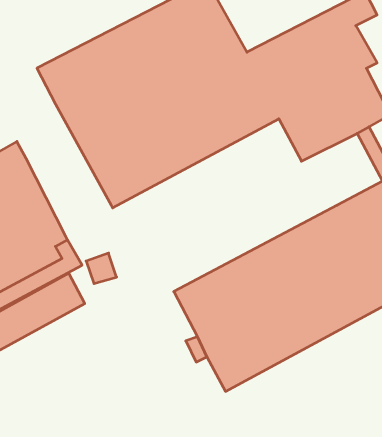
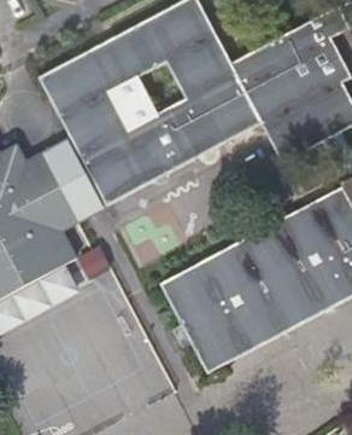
building: none -> [28,138,106,231]

